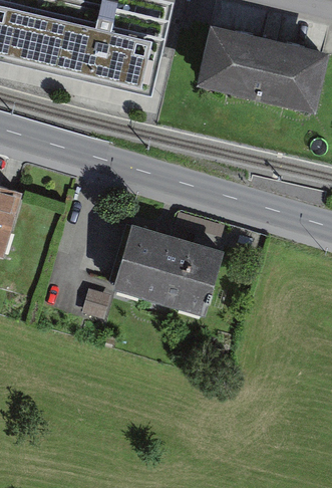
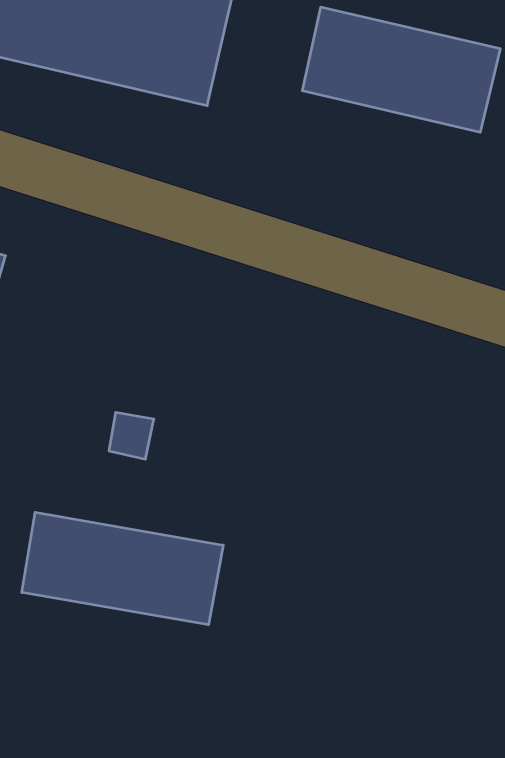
building: [115,228,215,311] -> none
building: none -> [22,512,223,625]

